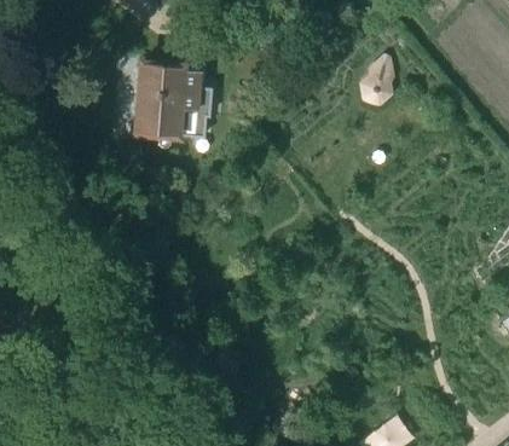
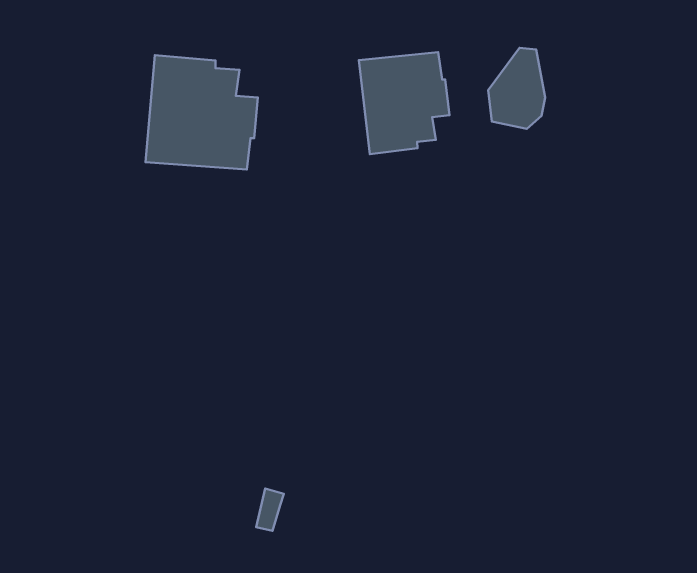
building: none -> [359,52,449,154]

